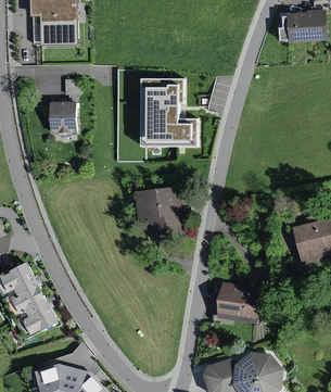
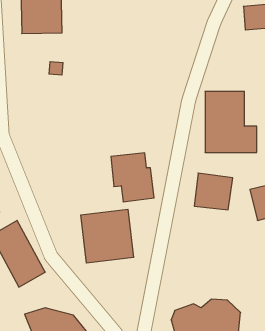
building: [140,76,200,147] -> [205,91,257,152]
building: [51,100,78,131] -> none
building: none -> [81,209,134,263]
building: [215,281,259,324] -> [194,173,233,210]

